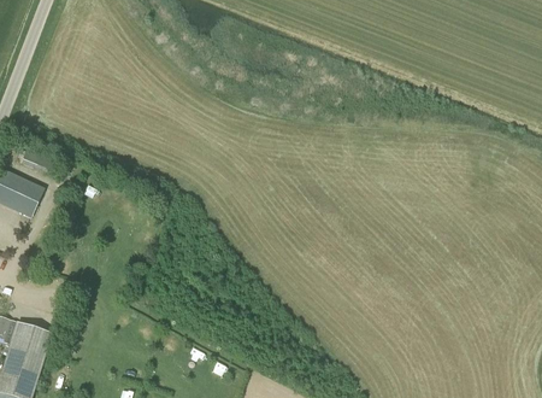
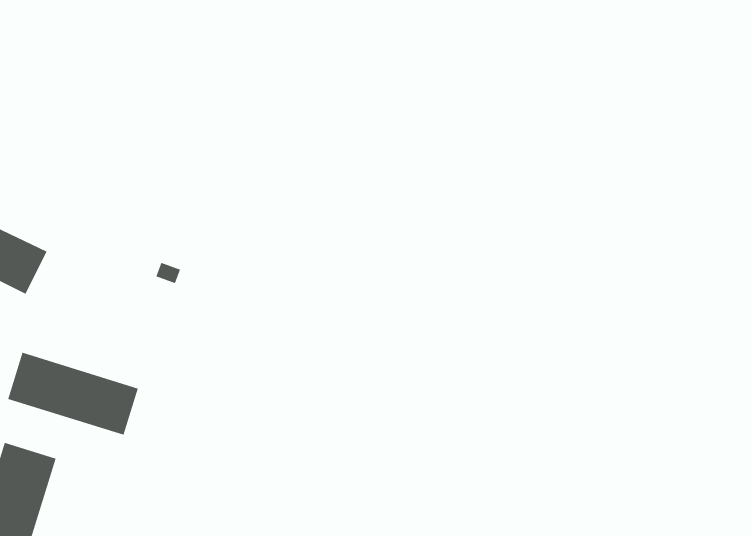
building: none -> [8,352,139,436]

